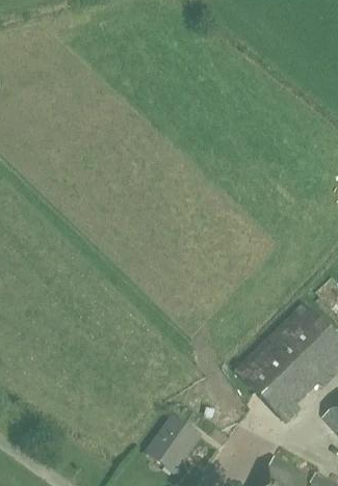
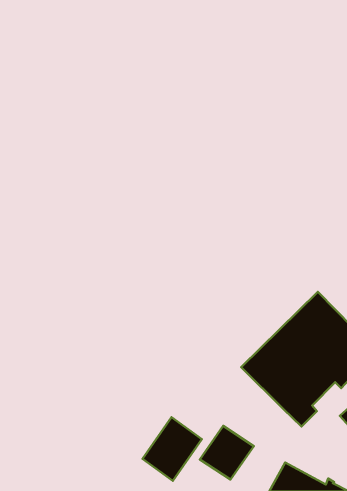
building: none -> [200,426,254,480]

